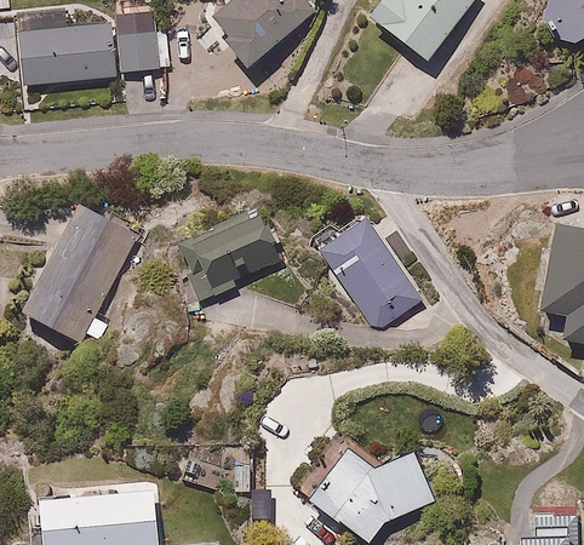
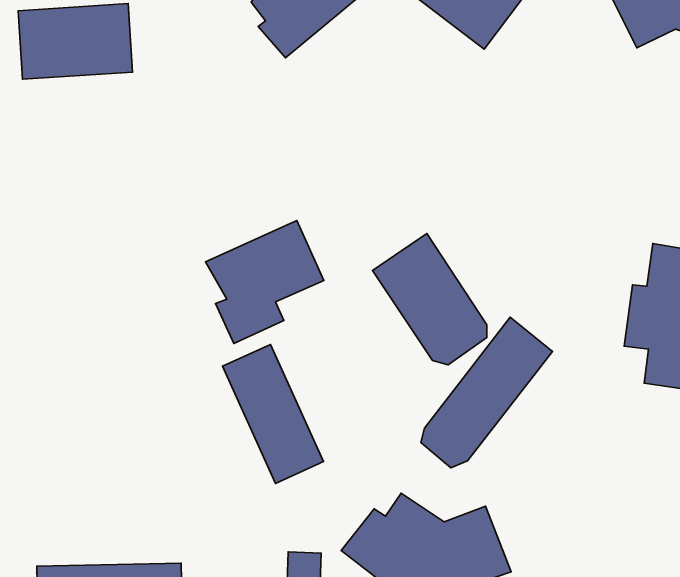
building: [119,29,173,71] -> none
building: [22,197,139,343] -> none
building: none -> [421,317,553,468]
building: none -> [222,344,324,483]

